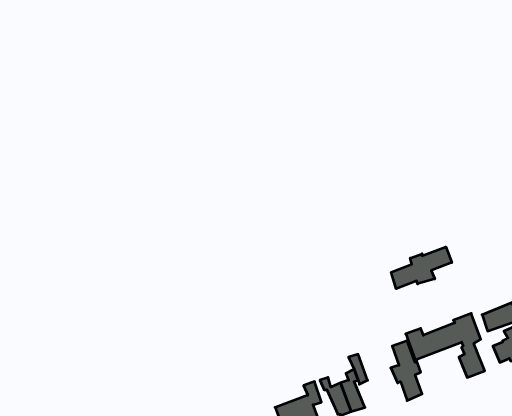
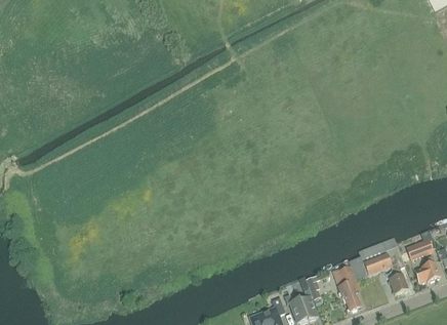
building: [391,247,452,289] -> none

